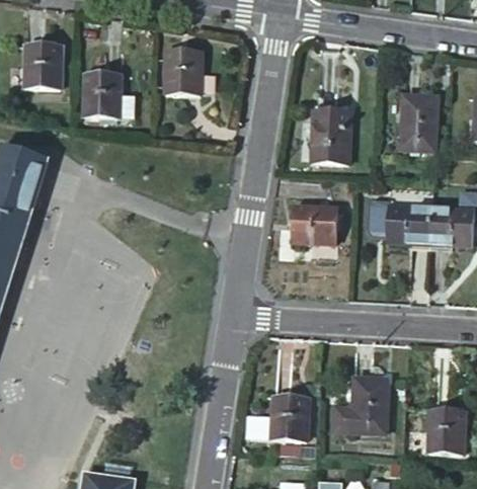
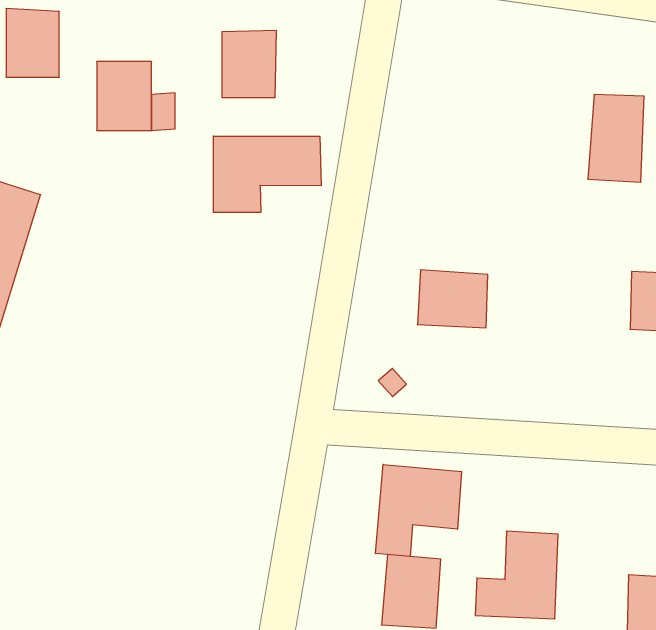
building: [320,111,360,166] -> none
building: none -> [213,136,321,212]
building: [365,202,430,246] -> none
building: none -> [375,464,461,556]

